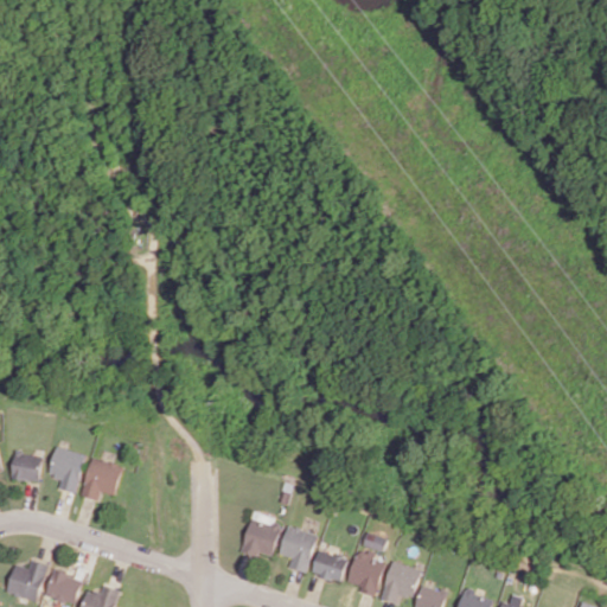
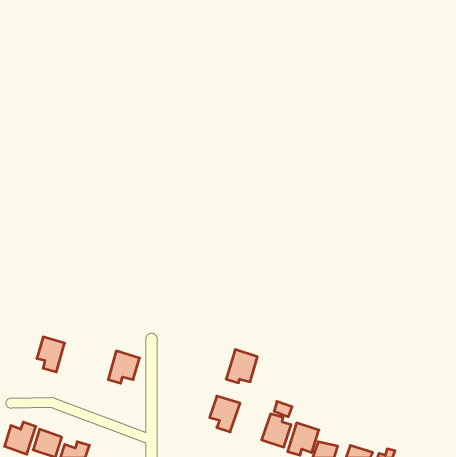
building: [12,453,43,483] -> none
building: [81,458,122,500] -> [108,351,140,383]
building: [239,513,281,557] -> [226,350,257,383]
building: [311,549,347,583] -> none

